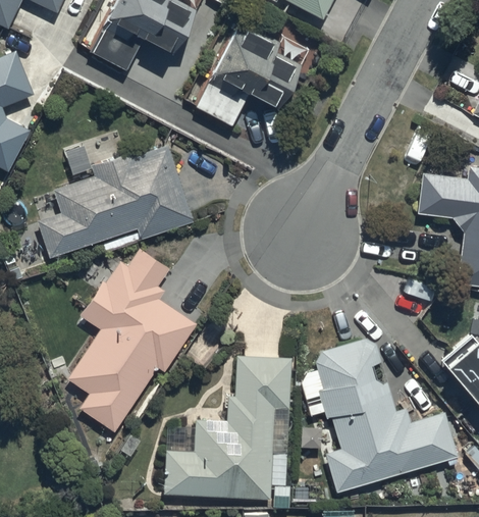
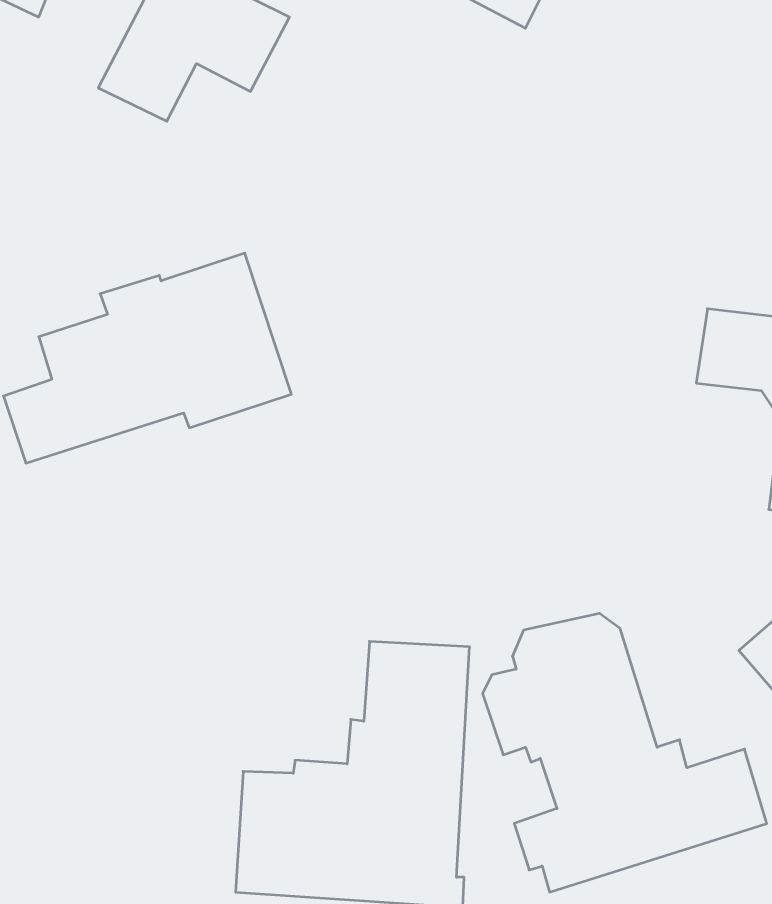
building: [196,20,310,125] -> none
building: [66,250,197,433] -> none

